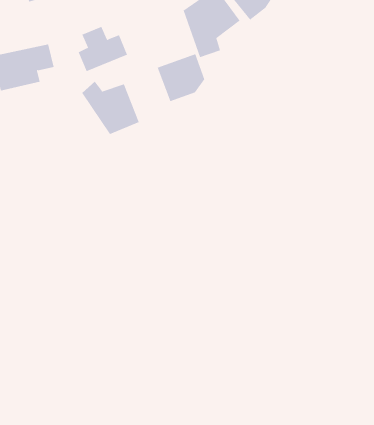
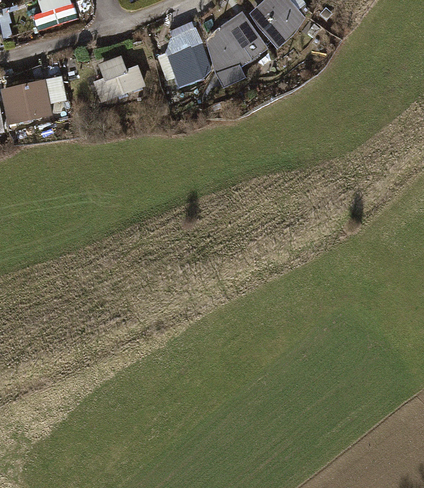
building: [157,53,205,102] -> [159,41,211,93]
building: [81,81,139,135] -> none

